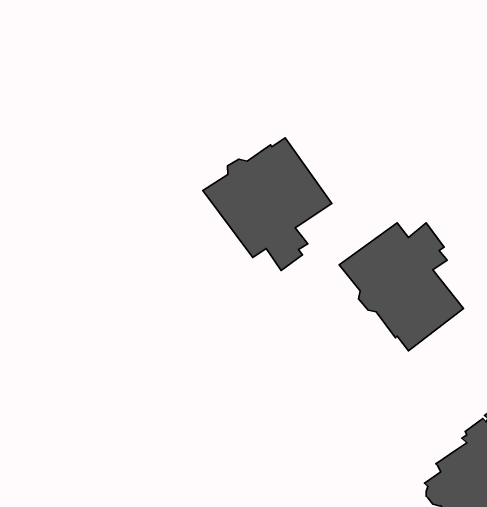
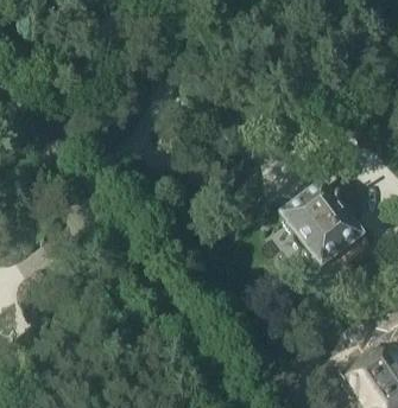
building: [203,138,332,271] -> none

